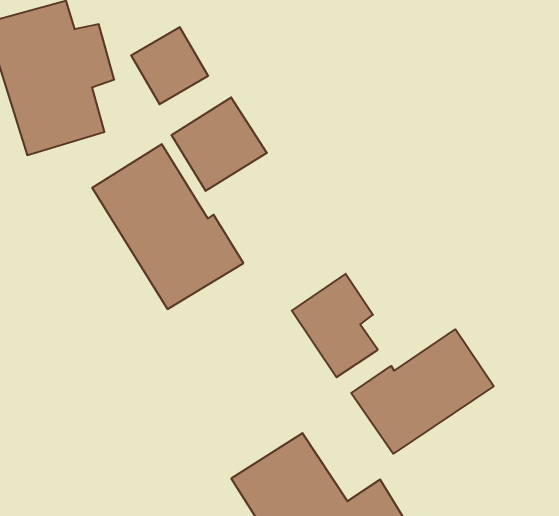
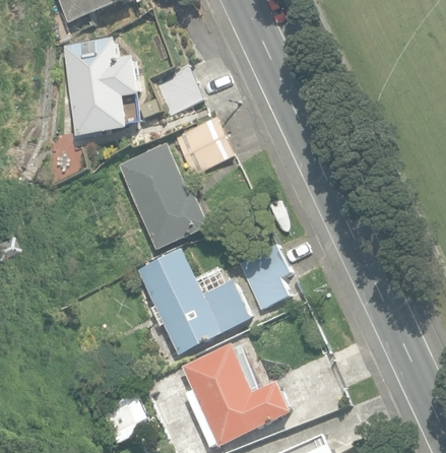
building: none -> [136,247,253,355]
building: [351,329,494,454] -> none

